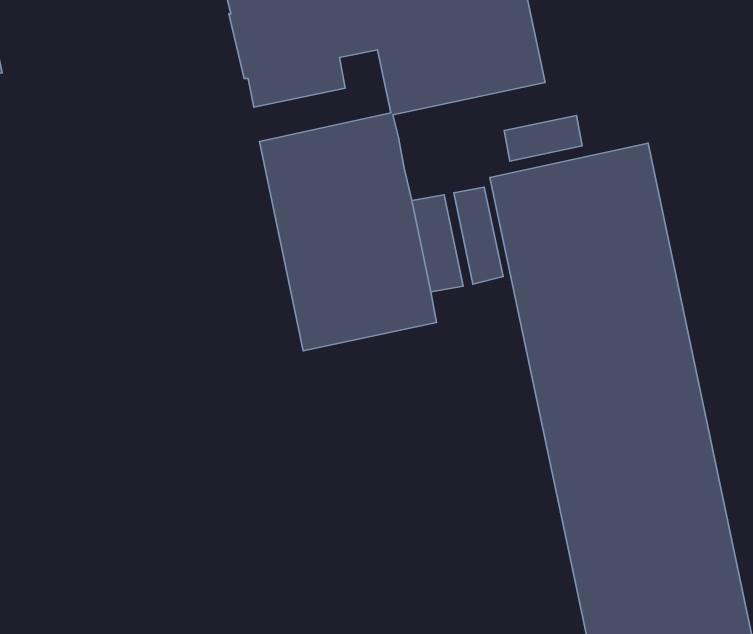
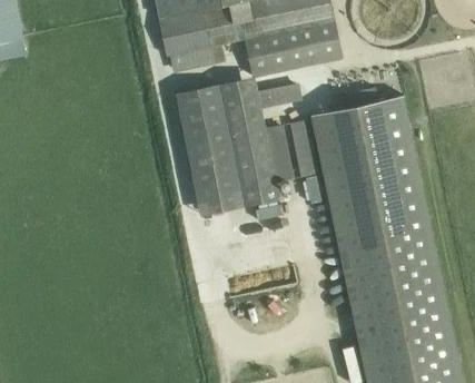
building: [504,115,582,161] -> [257,82,303,109]

